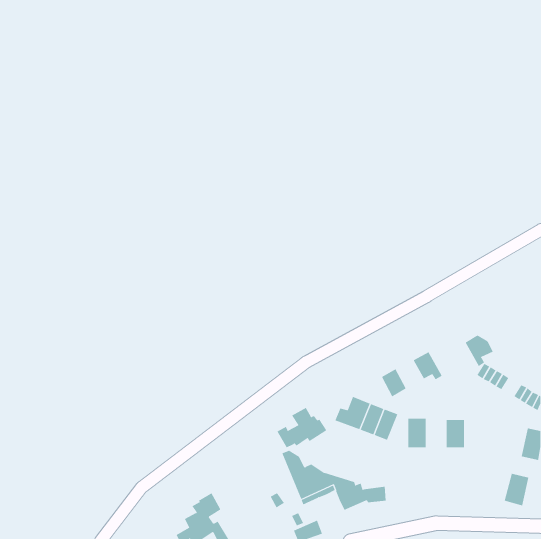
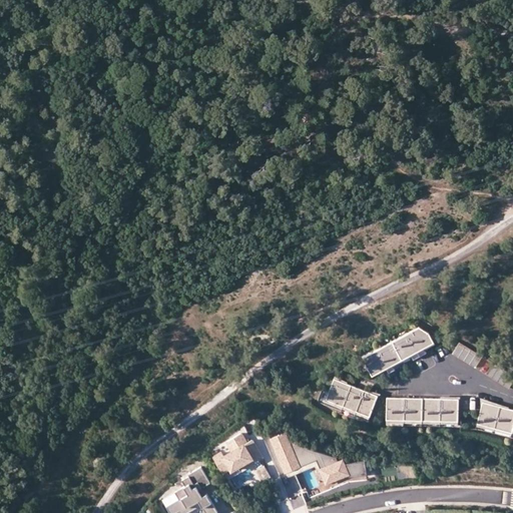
building: [465,335,493,367] -> [406,328,433,358]
building: none -> [375,343,401,375]
building: [276,407,327,448] -> [213,434,262,473]
building: none -> [404,398,422,426]
building: none -> [440,399,458,426]
building: [504,473,529,506] -> [475,403,499,434]

